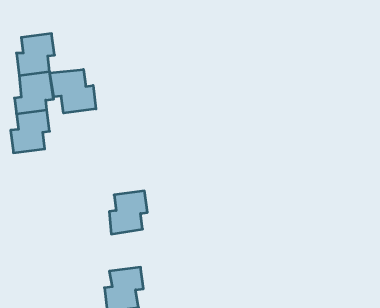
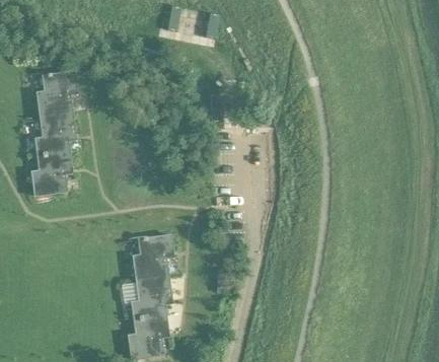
building: [50,69,96,113] -> none
building: none -> [131,275,170,318]

